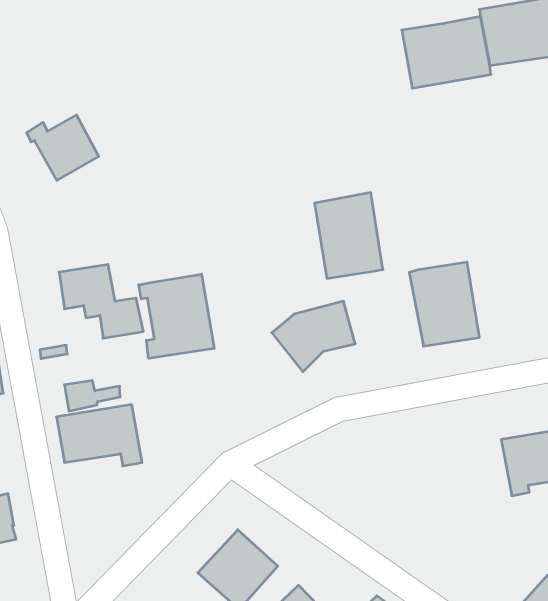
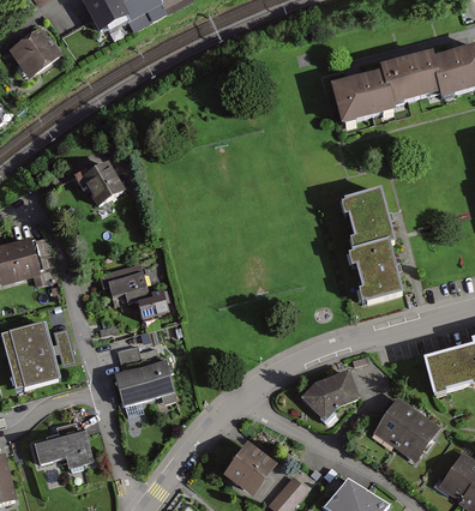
building: [315,193,383,278] -> [343,186,395,248]
building: [139,274,214,358] -> none
building: [272,301,355,372] -> [301,371,360,422]
building: none -> [375,397,443,462]

